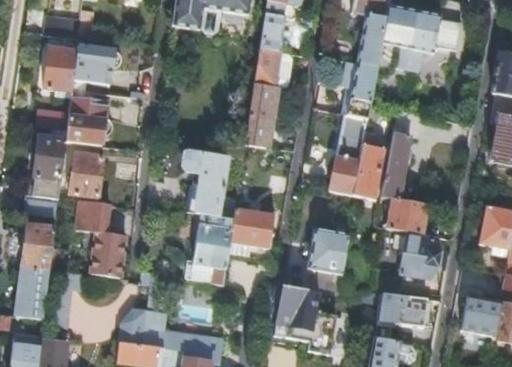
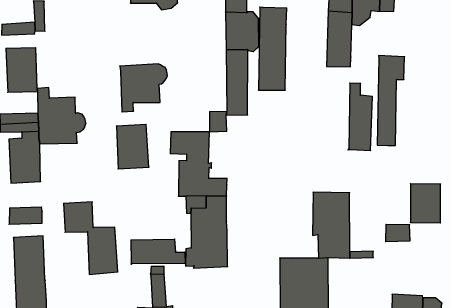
building: [73,46,121,90] -> [120,64,167,112]
building: [329,112,368,193] -> [258,7,287,90]
building: [70,153,103,196] -> [116,124,149,169]
building: [385,196,426,233] -> none
building: [229,208,273,248] -> none
building: none -> [131,239,185,264]
building: [376,292,427,326] -> none

